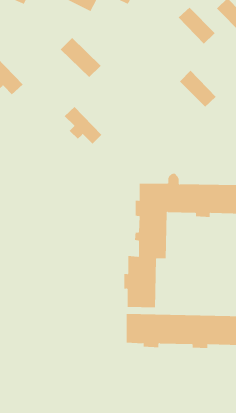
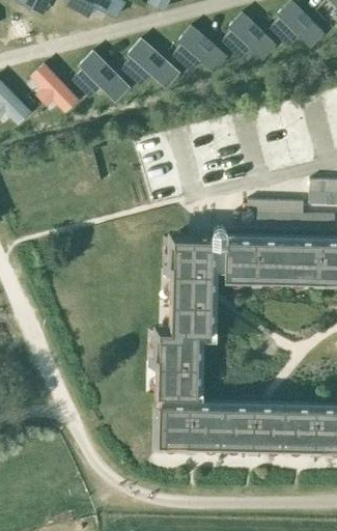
building: none -> [128,39,180,89]
building: [179,70,217,107] -> [178,26,226,74]
building: [64,106,102,145] -> [30,64,79,113]

